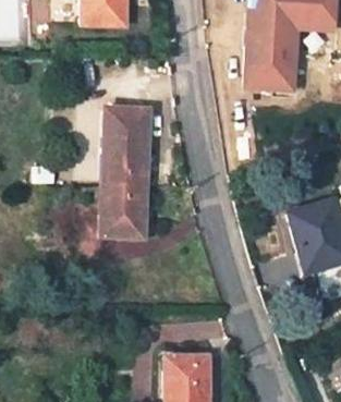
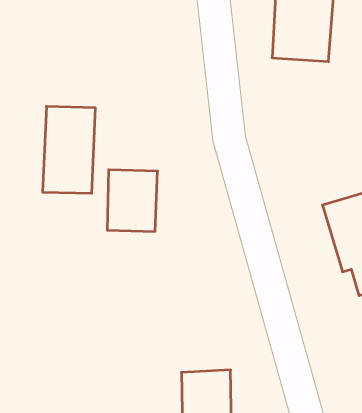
building: [102,108,148,183] -> [43,106,95,193]

